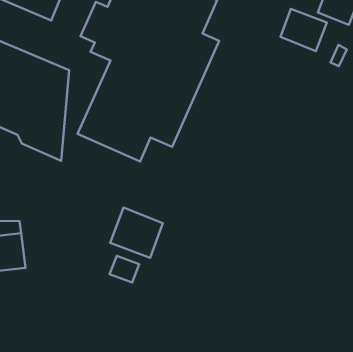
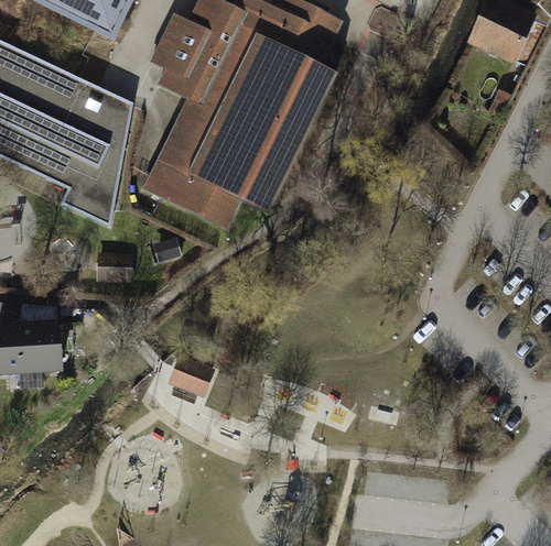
building: [280,9,327,51] -> none
building: [110,208,163,258] -> none

